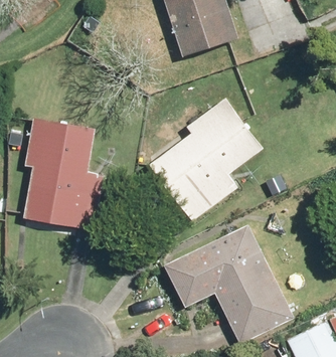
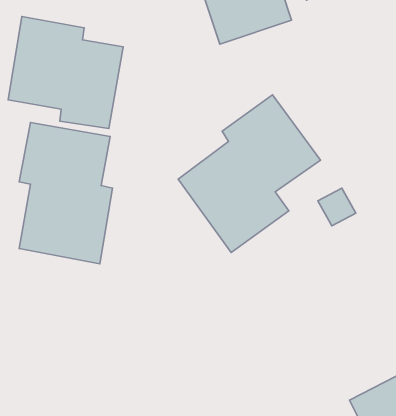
building: none -> [8,16,123,129]
building: [165,226,292,341] -> none

